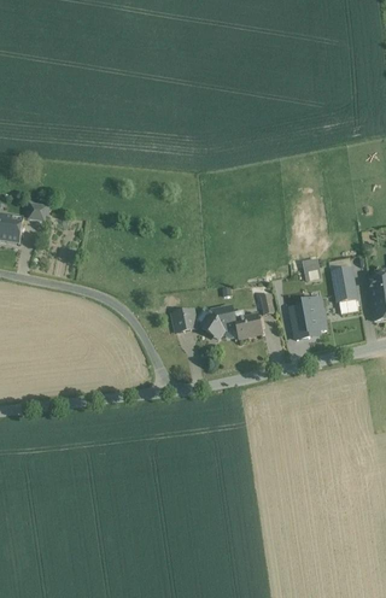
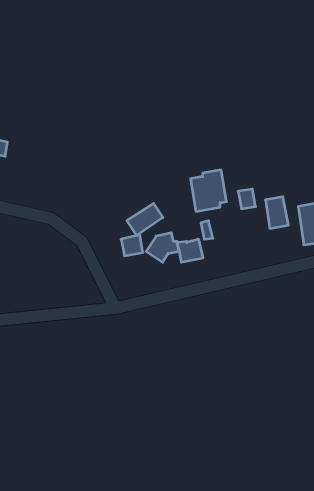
building: none -> [127,203,163,236]
building: [288,294,328,340] -> [191,170,227,211]

